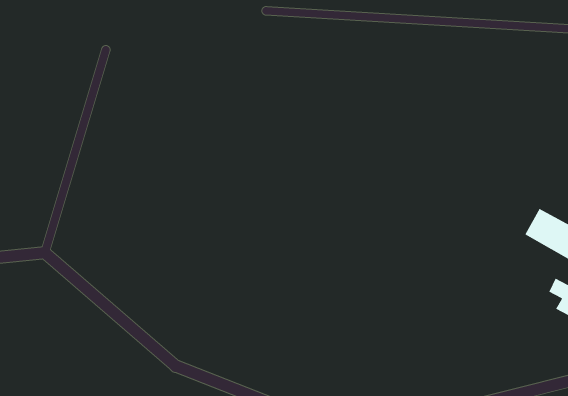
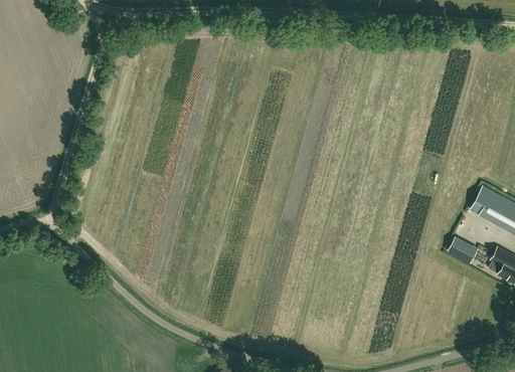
building: none -> [448,236,477,261]

